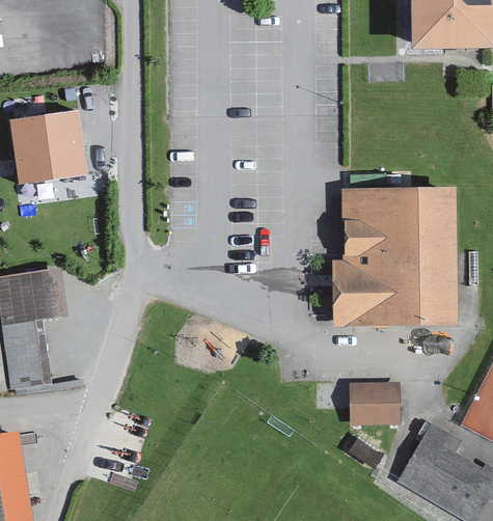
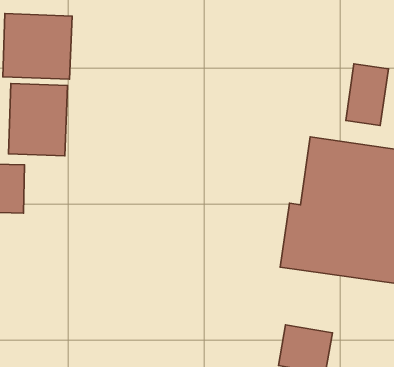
building: none -> [346,64,388,125]
building: none -> [8,83,67,156]

